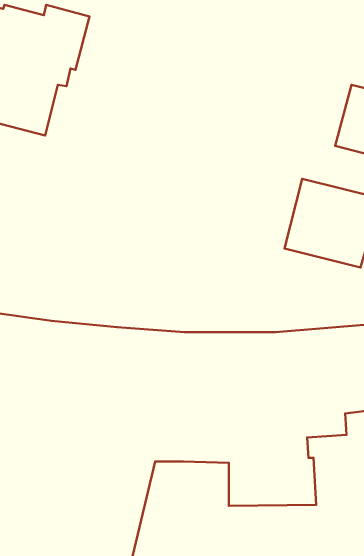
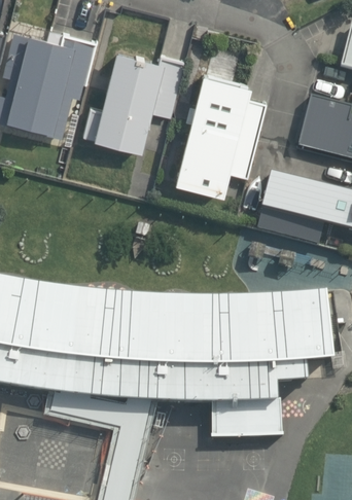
building: none -> [83,46,186,148]
building: none -> [175,70,268,191]

